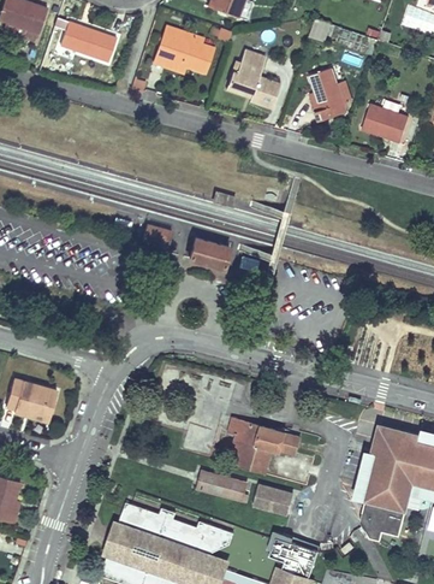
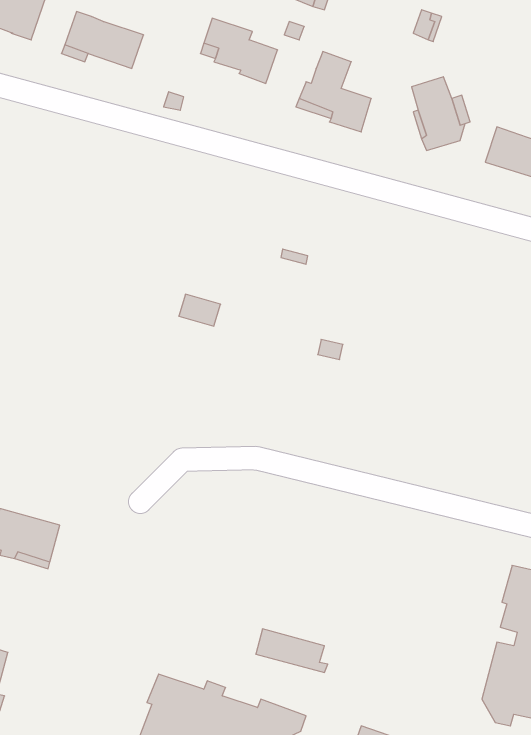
building: [190,238,228,267] -> none
building: [228,414,299,470] -> none
building: [254,482,293,509] -> none

